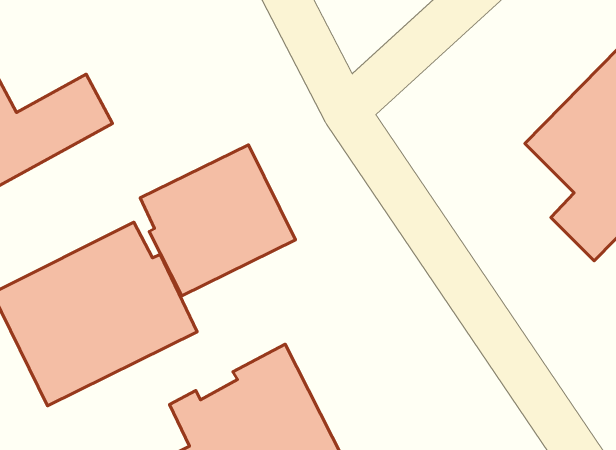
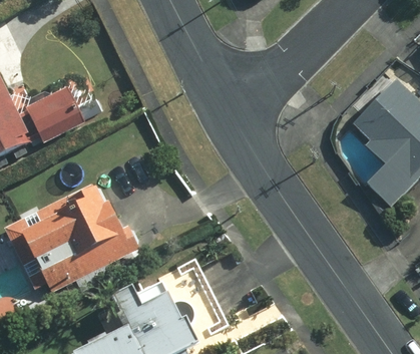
building: [140,145,295,296] -> none

